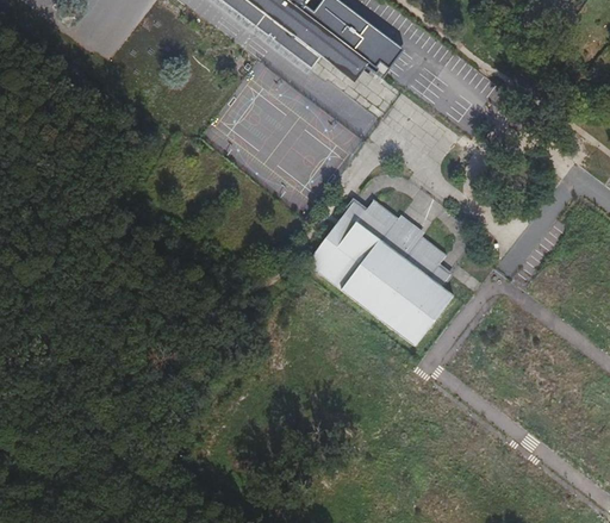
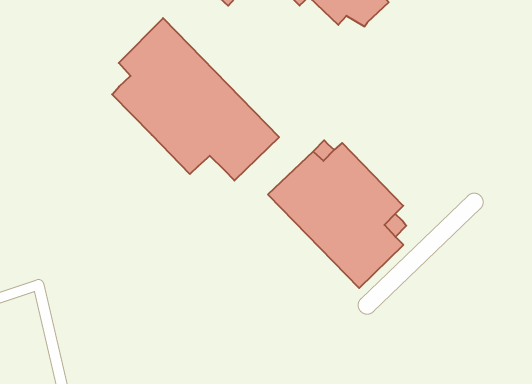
building: none -> [112,18,279,181]

